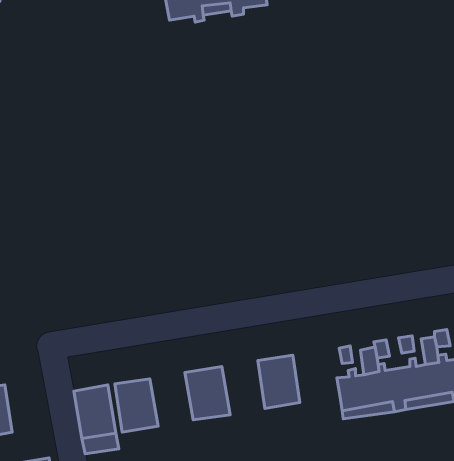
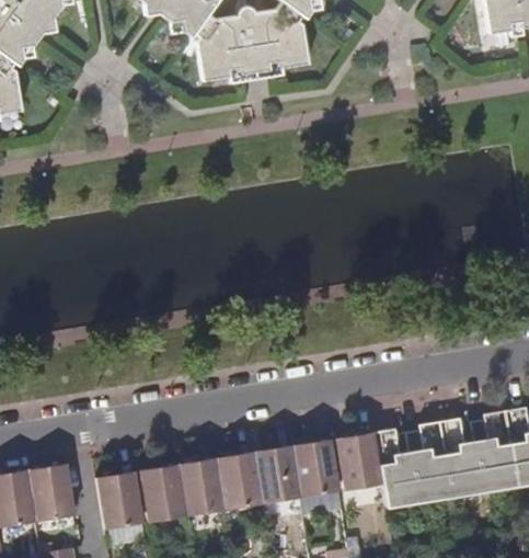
building: none -> [340,432,383,489]
building: none -> [257,444,303,502]
building: none -> [181,457,227,514]
building: none -> [26,463,74,521]

